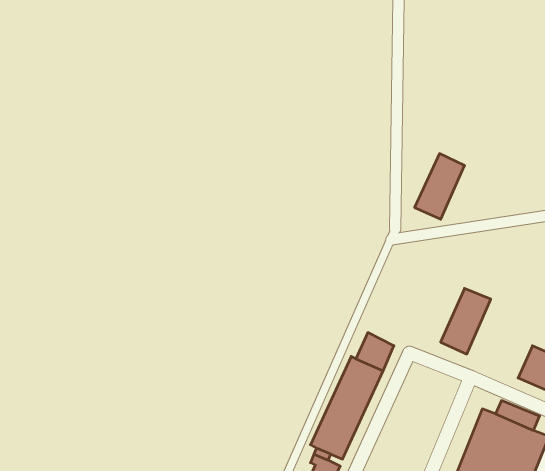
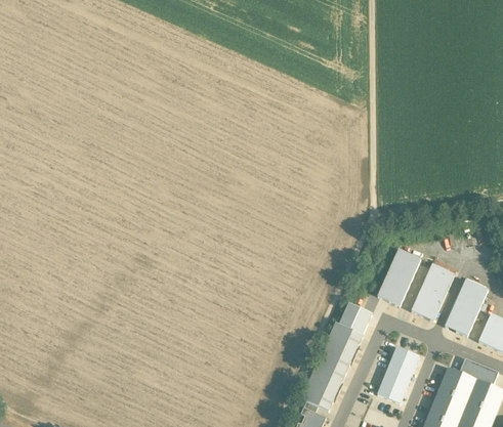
building: [415,154,465,219] -> [377,249,420,305]
building: none -> [445,280,488,336]
building: none -> [377,346,419,403]

